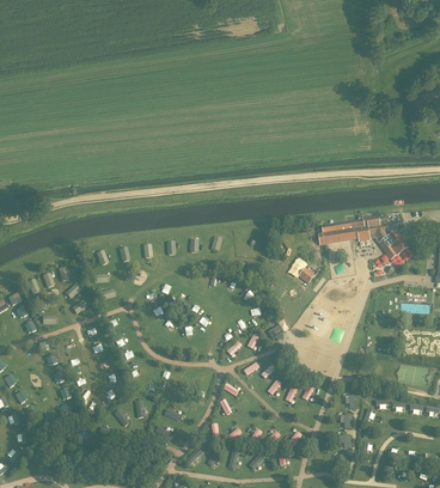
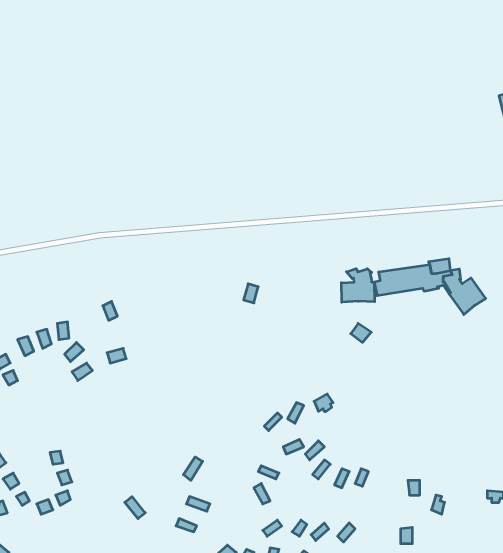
building: none -> [341,269,375,302]

